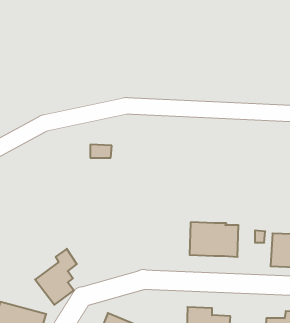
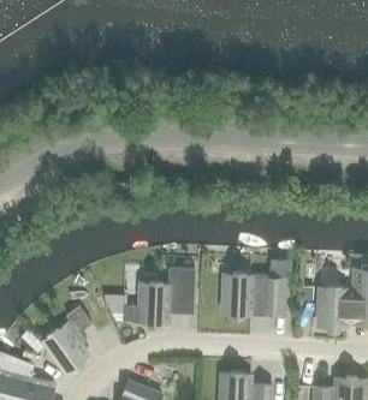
building: none -> [101,268,195,322]

